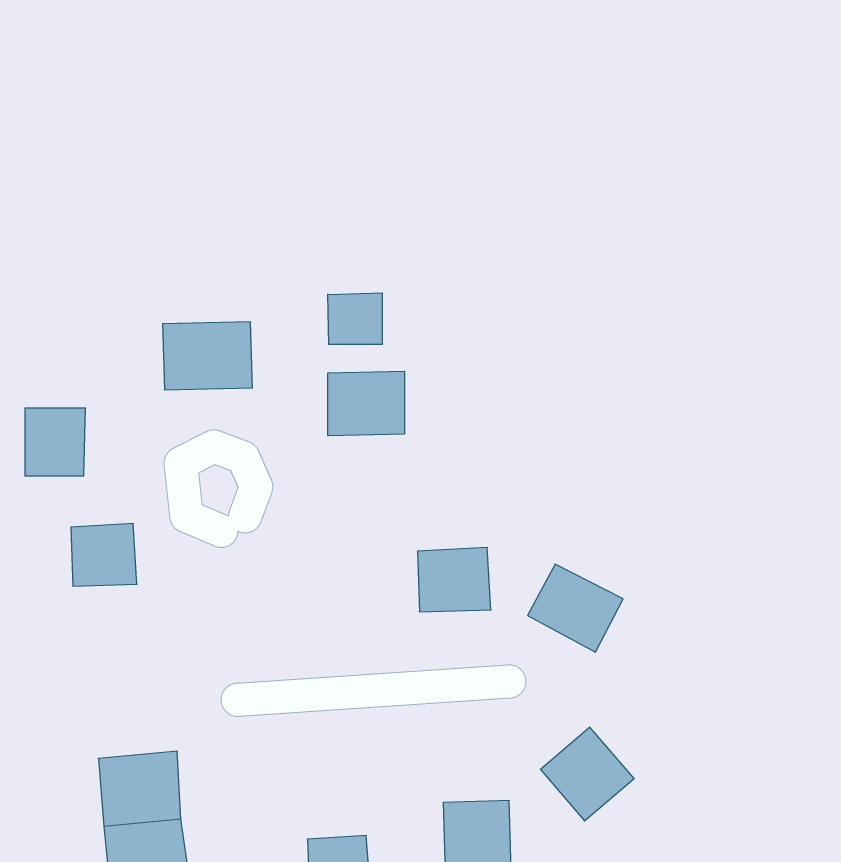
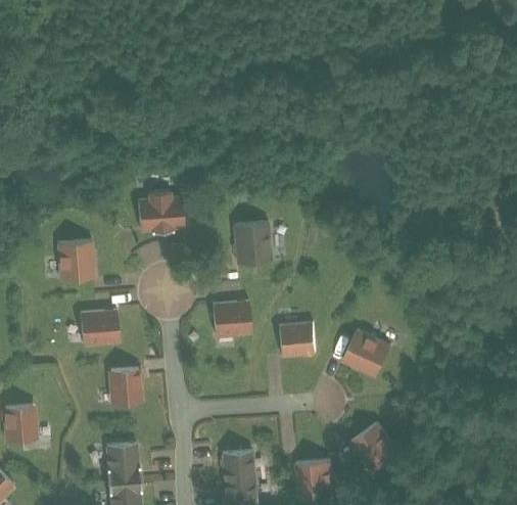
building: [328,293,382,344] -> none
building: none -> [214,302,257,341]
building: none -> [109,371,141,406]
building: none -> [216,451,250,484]

